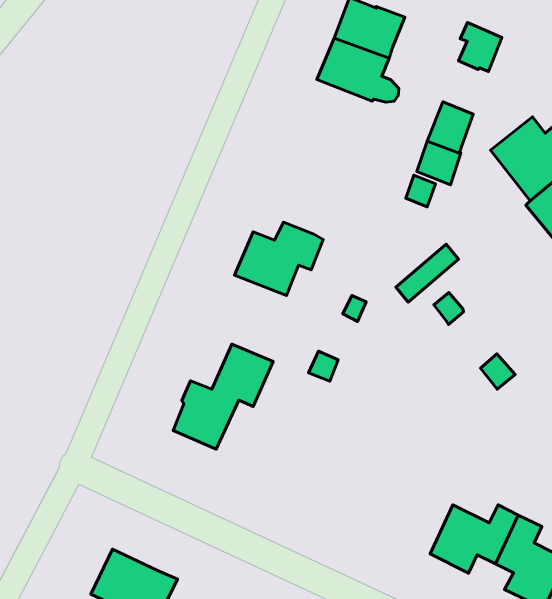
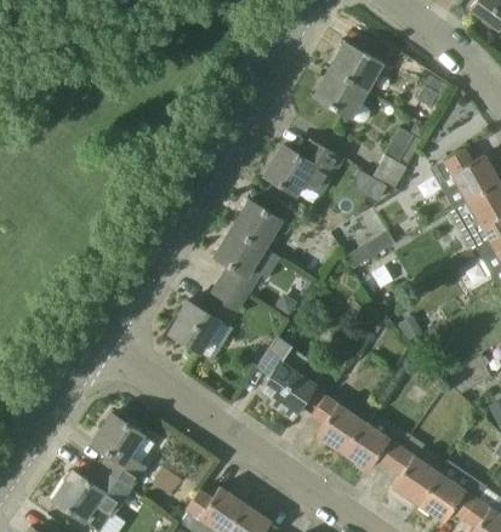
building: none -> [263,138,345,198]
building: none -> [214,229,274,296]
building: none -> [256,334,315,418]
building: none -> [311,394,363,452]

